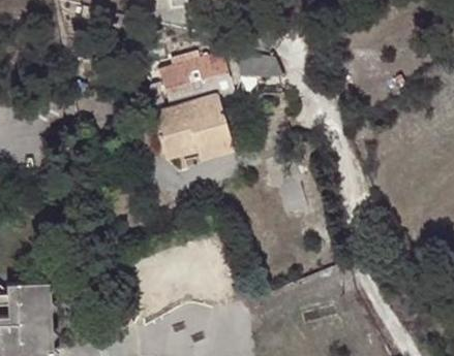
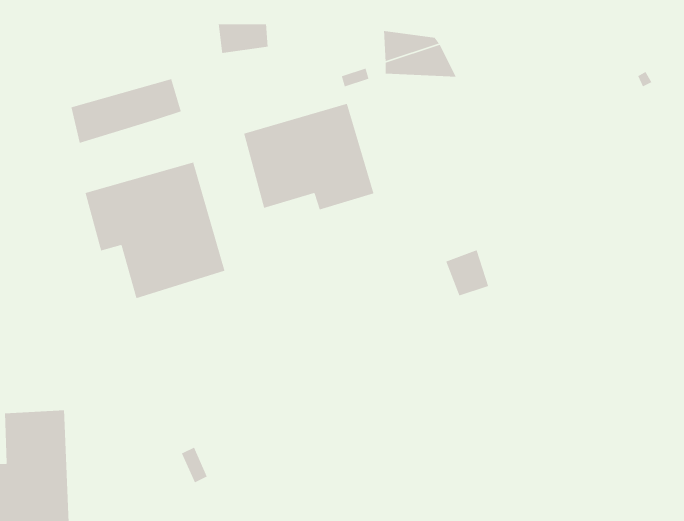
building: [160,51,229,91] -> [71,78,182,144]
building: none -> [84,161,226,299]

